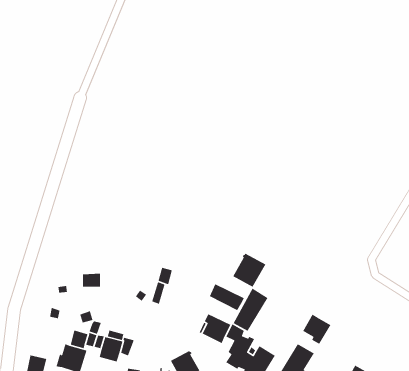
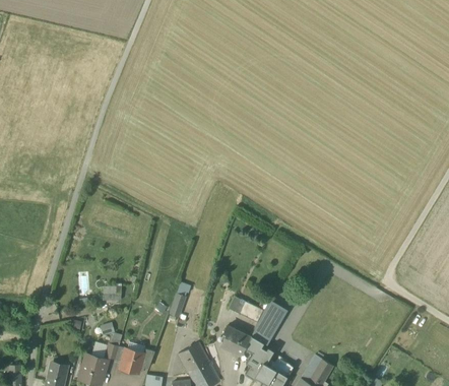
building: [232,253,266,288] -> none
building: [302,313,331,345] -> none
building: none -> [178,343,208,374]

